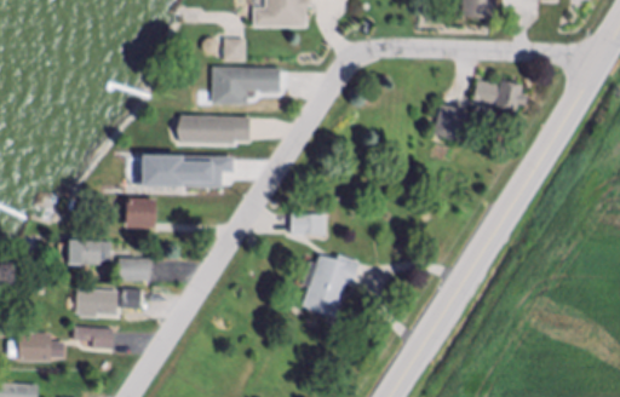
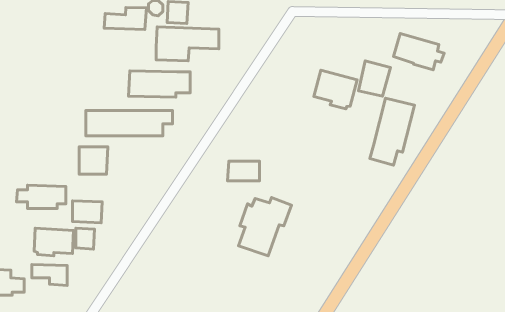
building: none -> [104,8,146,30]
building: none -> [314,70,357,109]
building: none -> [370,98,415,165]

